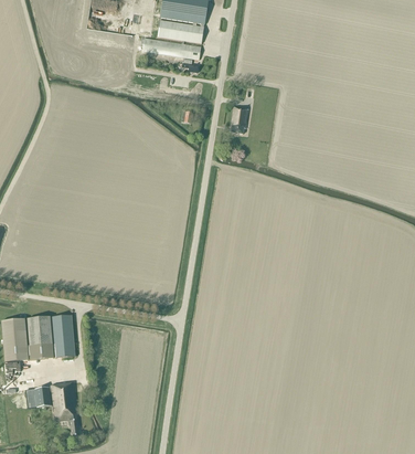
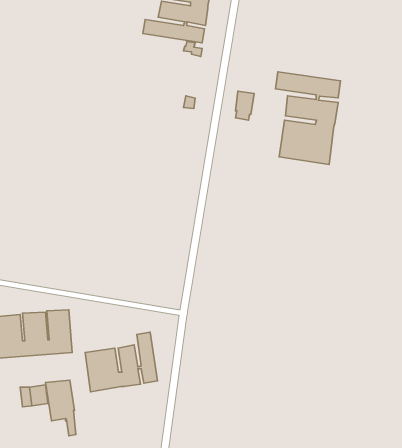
building: none -> [275,72,341,165]
building: none -> [85,332,158,392]

